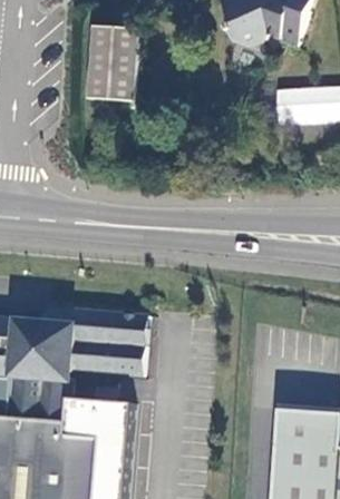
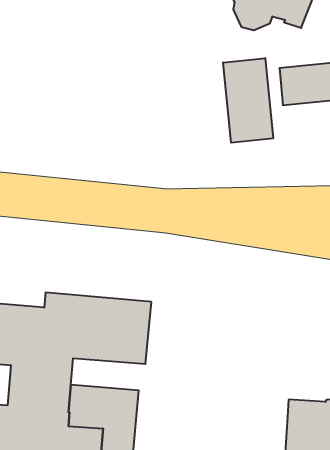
building: [87,32,136,107] -> none
building: none -> [223,58,273,143]

